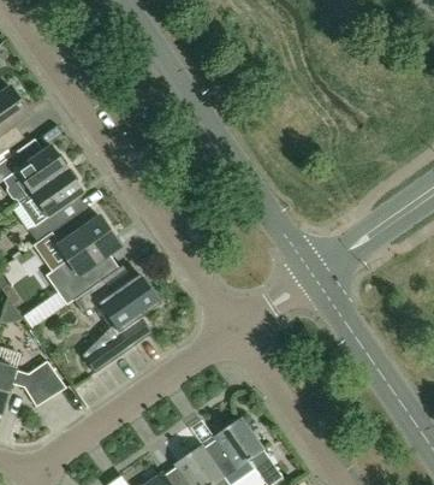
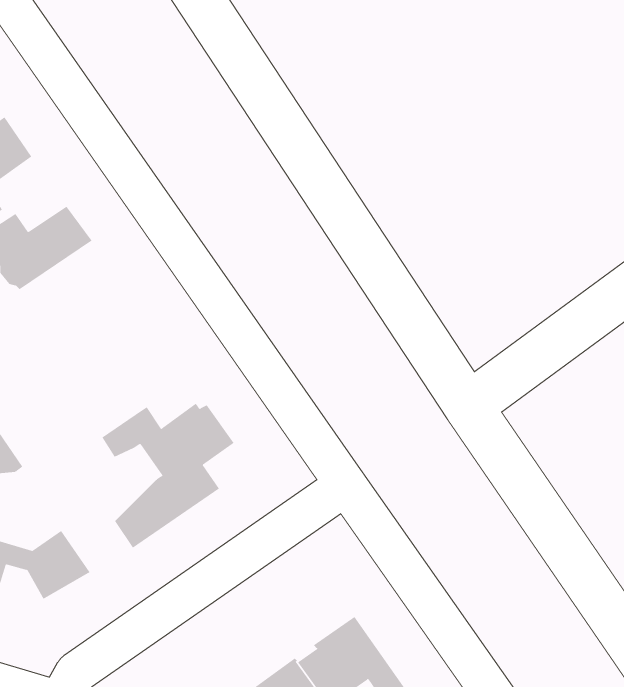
building: [19,168,83,242] -> none
building: [46,212,120,304] -> none

